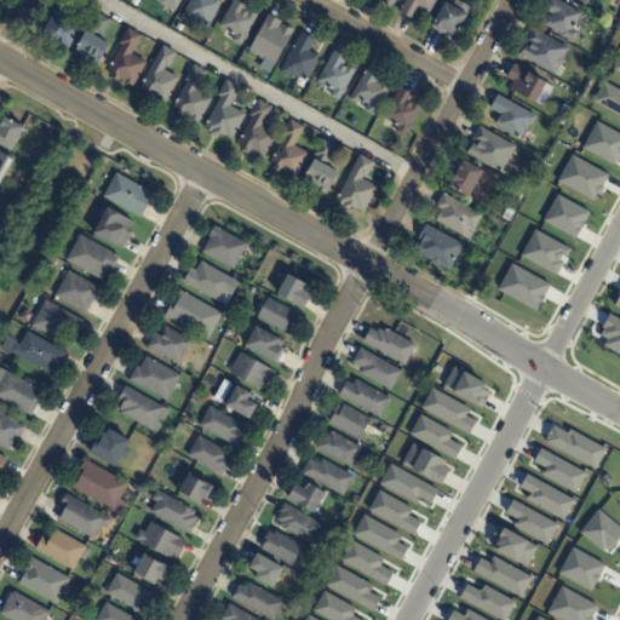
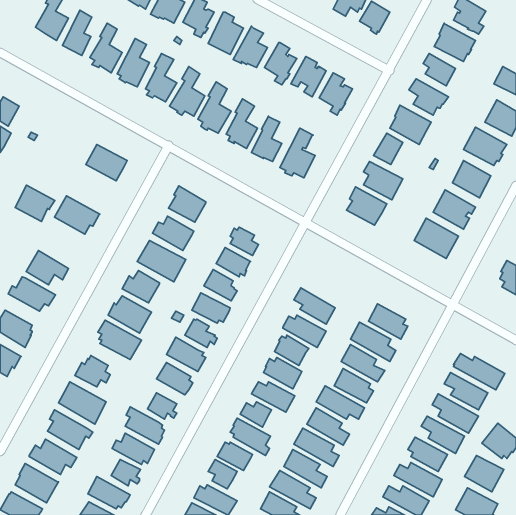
building: [92,207,134,249] -> none
building: [54,270,102,314] -> [15,185,55,222]
building: [363,326,417,363] -> none

